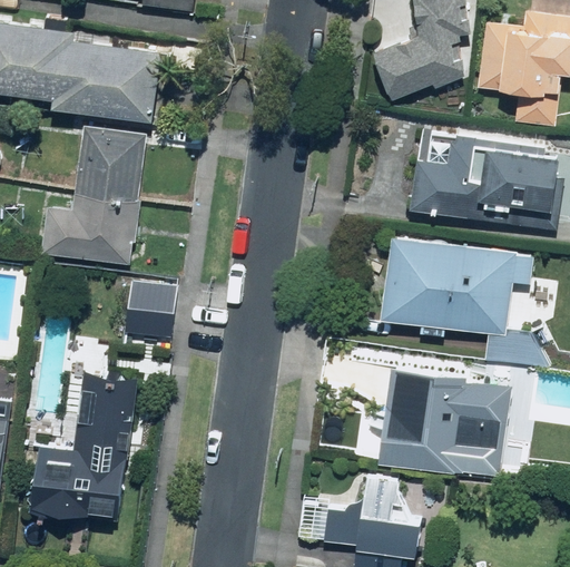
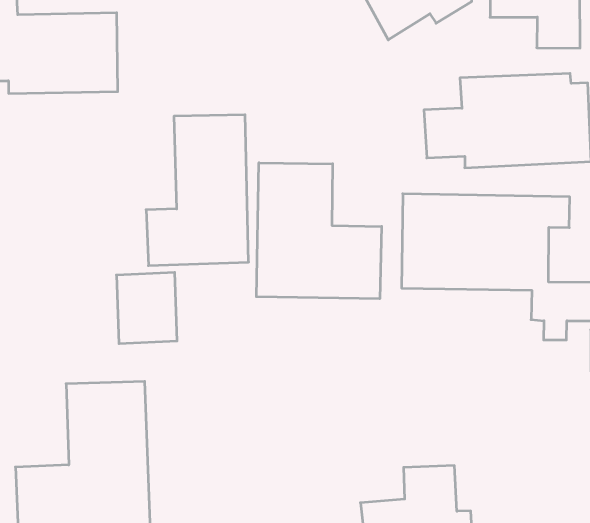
building: [43,127,142,262] -> [146,115,249,266]
building: none -> [256,163,382,299]
building: [376,372,511,473] -> none

